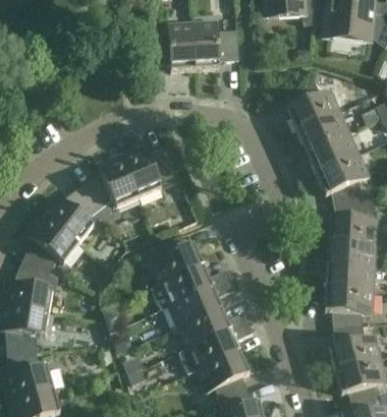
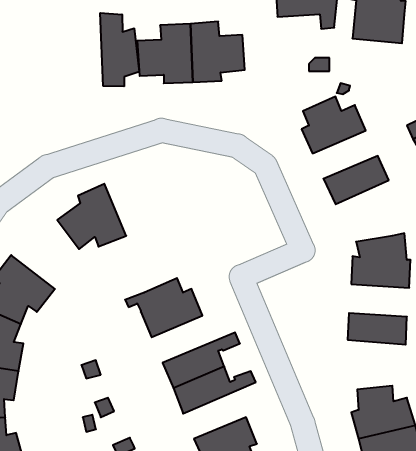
building: none -> [100,13,139,86]
building: [296,111,351,152] -> none
building: [121,145,177,199] -> none
building: [316,153,371,204] -> none
building: [43,186,100,244] -> none
building: [327,240,378,267] -> none
building: [152,266,231,310] -> none
building: [325,287,375,329] -> none
building: [178,322,254,374] -> none

